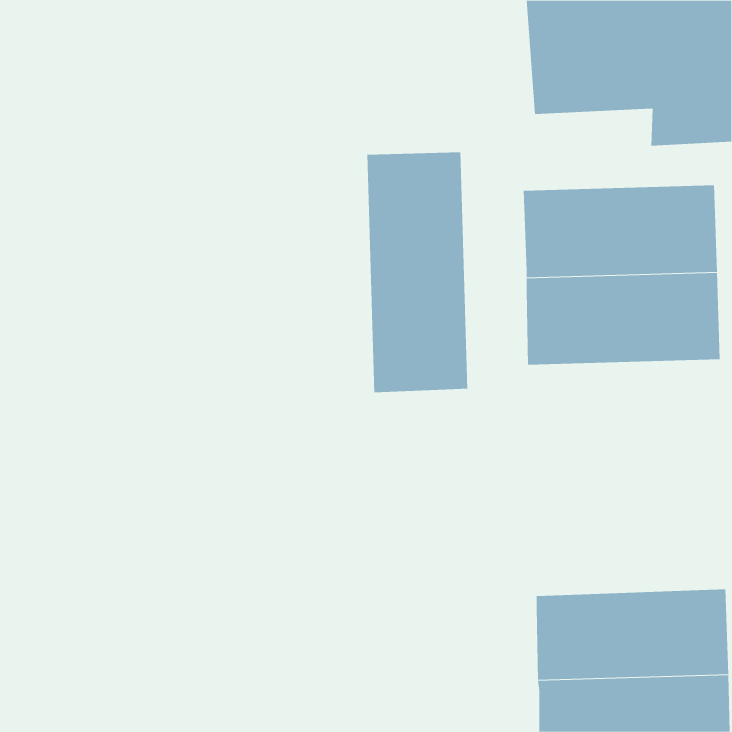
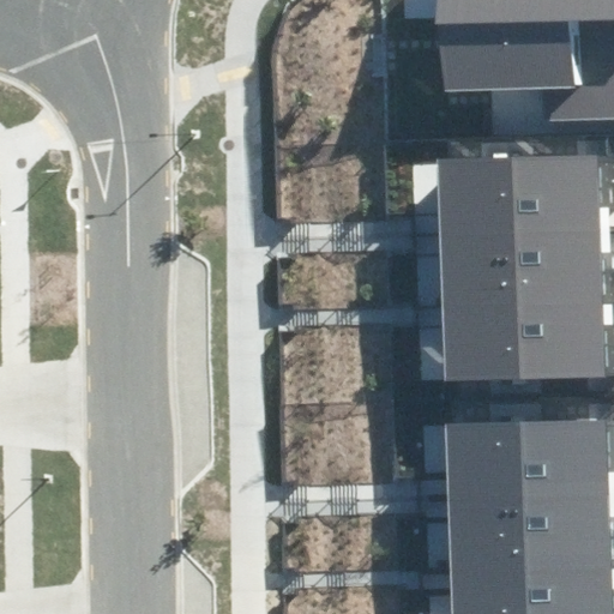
building: [367,152,468,393] -> none
building: none -> [441,301,606,383]
building: none -> [446,420,608,499]

